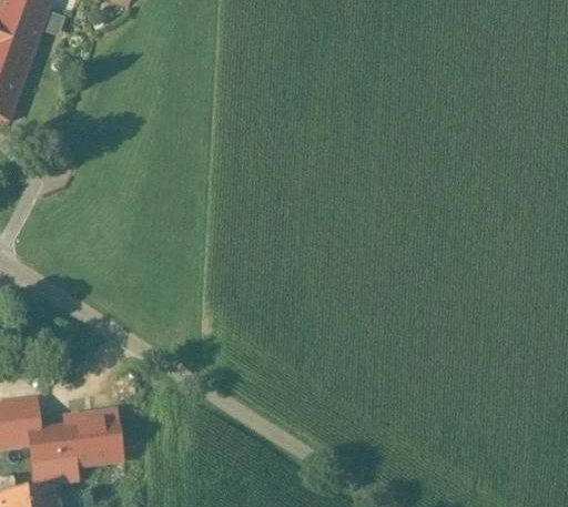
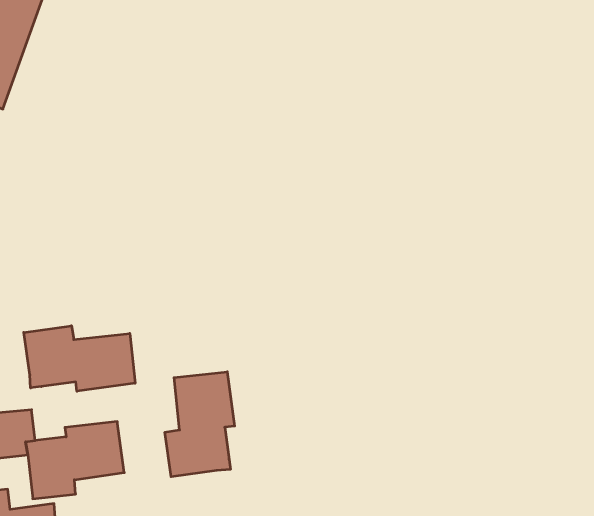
building: none -> [24,326,135,391]
building: none -> [165,372,235,477]

